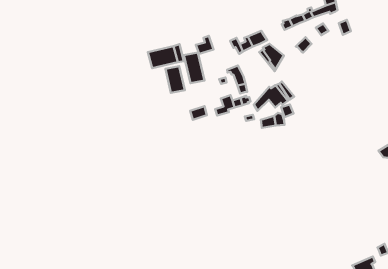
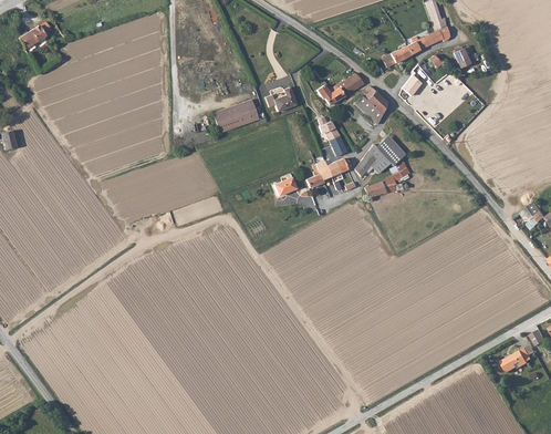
building: [184,52,204,83] -> none
building: [165,66,185,93] -> none

